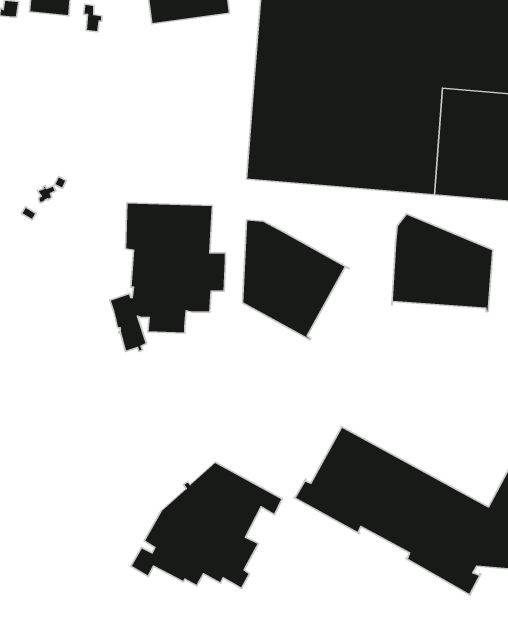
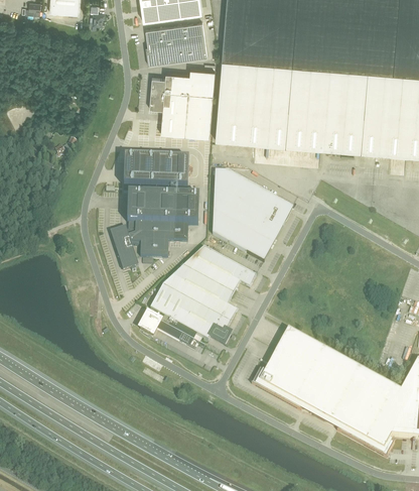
building: none -> [146,20,207,63]
building: none -> [149,67,215,136]
building: [392,214,493,312] -> none
building: [131,462,282,588] -> [140,247,256,344]

